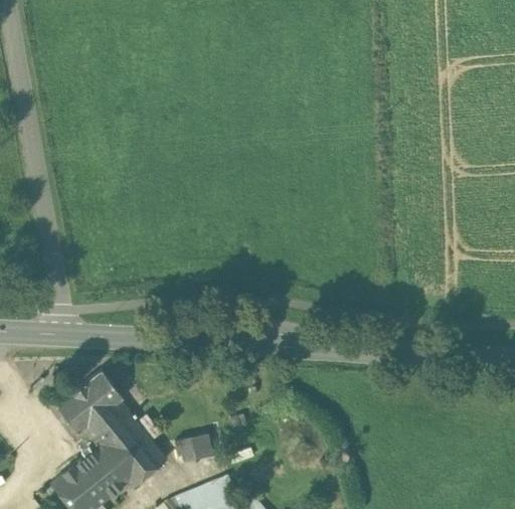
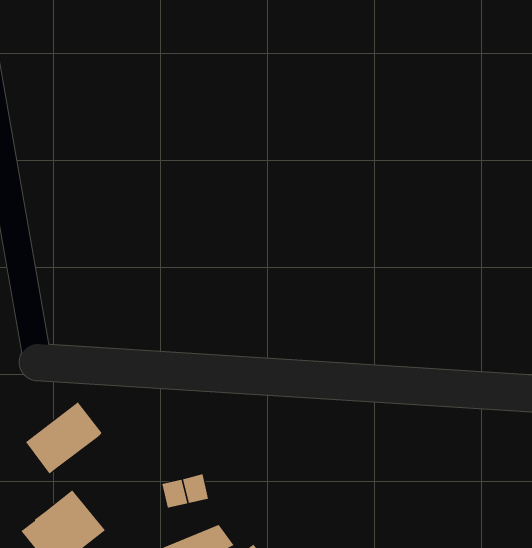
building: [81,401,166,489] -> none

